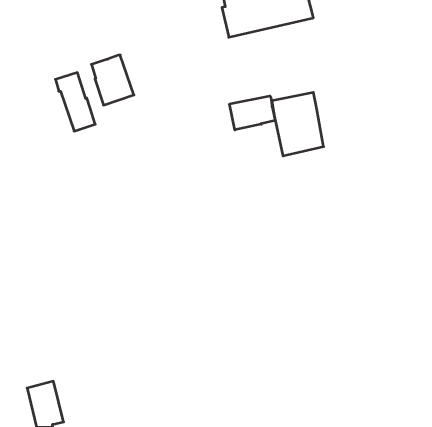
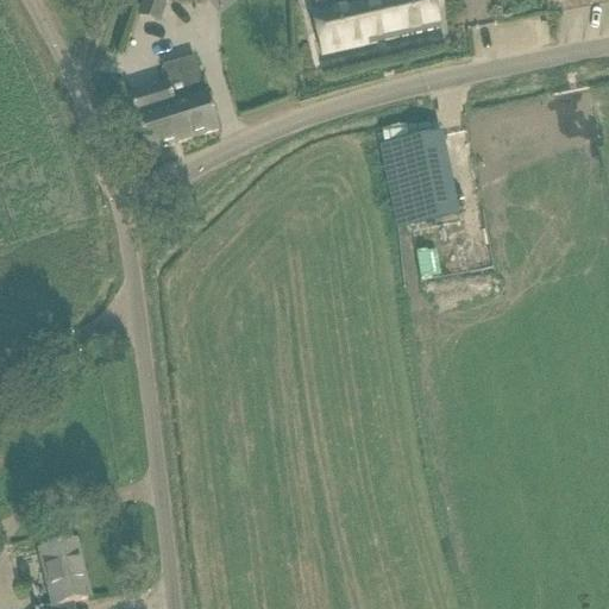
building: [55,73,95,131] -> [163,51,219,133]
building: [230,96,275,130] -> none

